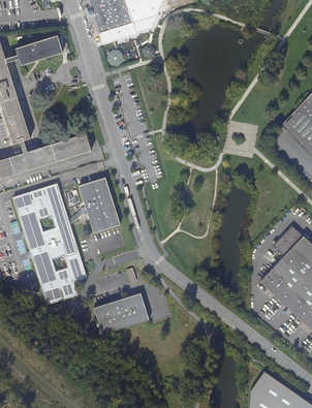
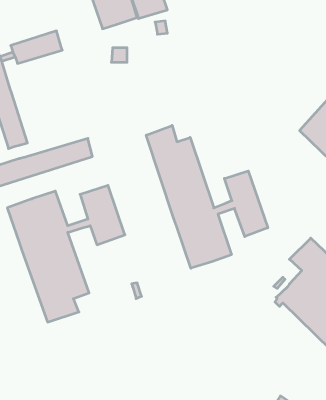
building: none -> [146,125,268,268]
building: [94,291,149,334] -> none

